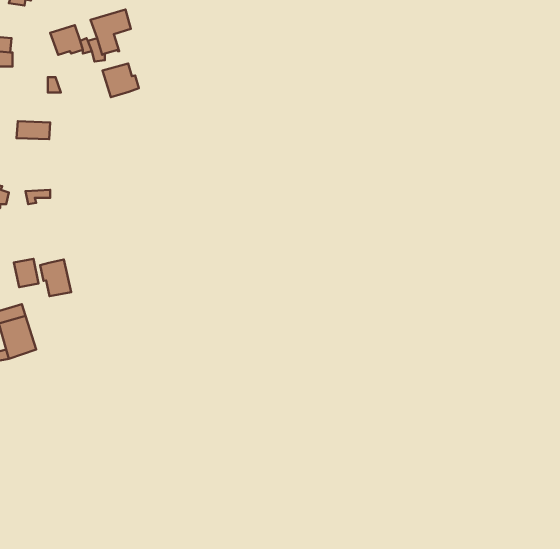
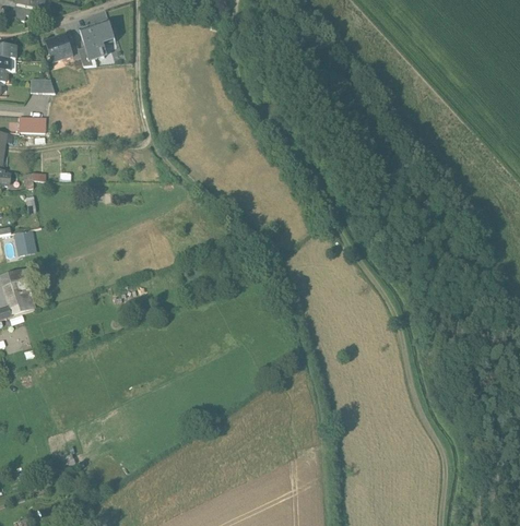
building: [103,63,139,97] -> none
building: [40,260,71,296] -> none

